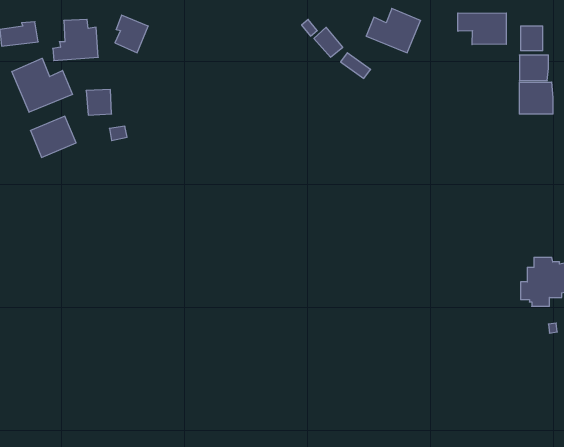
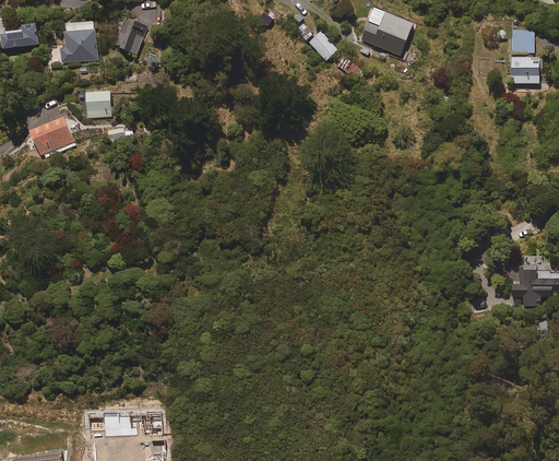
building: [458,13,506,45] -> none
building: [12,58,72,112] -> none
building: [519,82,553,114] -> none

